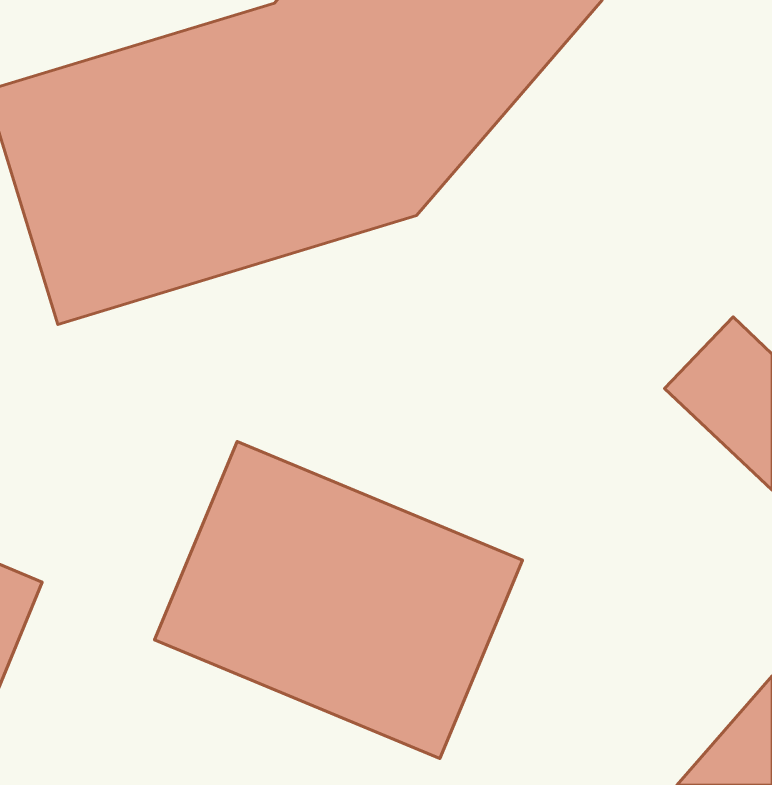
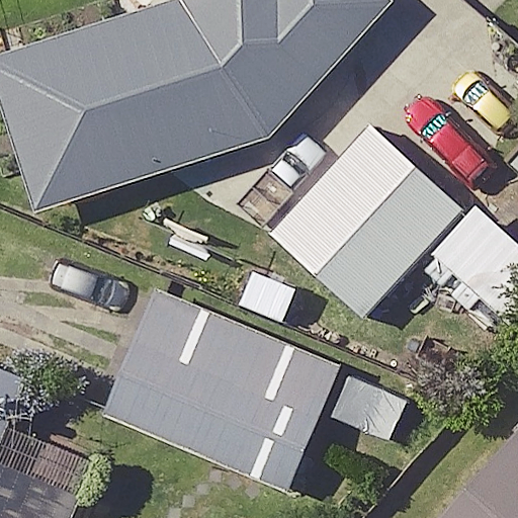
building: none -> [268,120,460,314]

